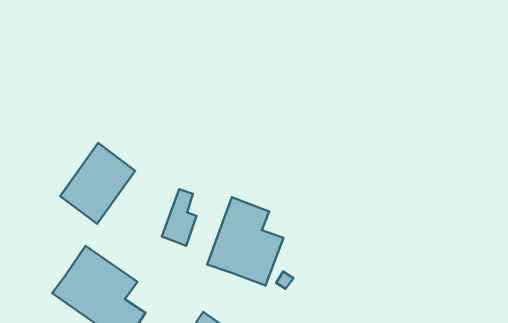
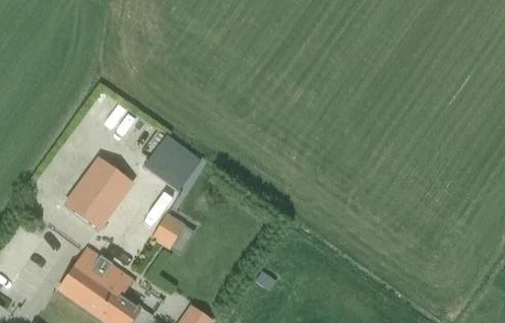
building: none -> [144,134,201,191]
building: [207,197,284,286] -> none

